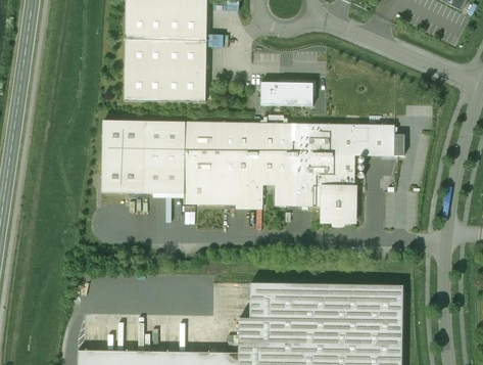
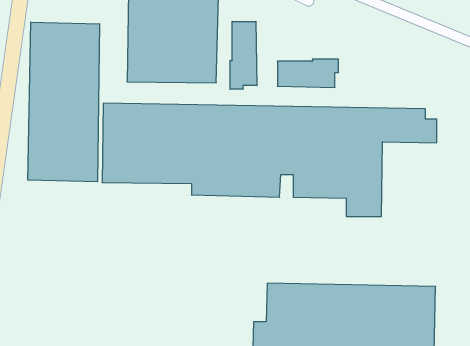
building: none -> [230,21,257,89]
building: none -> [28,22,99,182]

